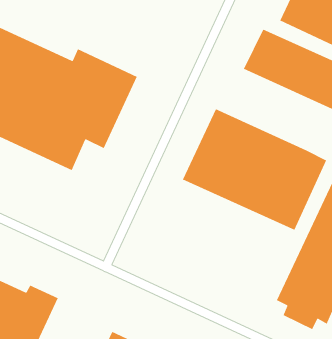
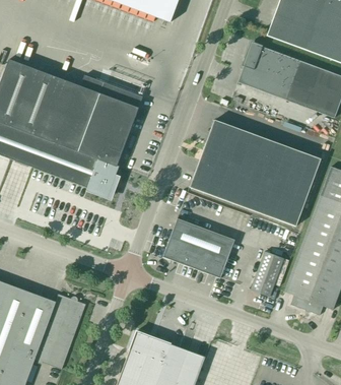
building: none -> [87,157,119,197]
building: none -> [162,217,234,277]
building: none -> [250,251,283,296]

